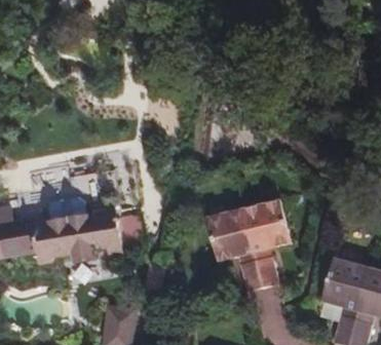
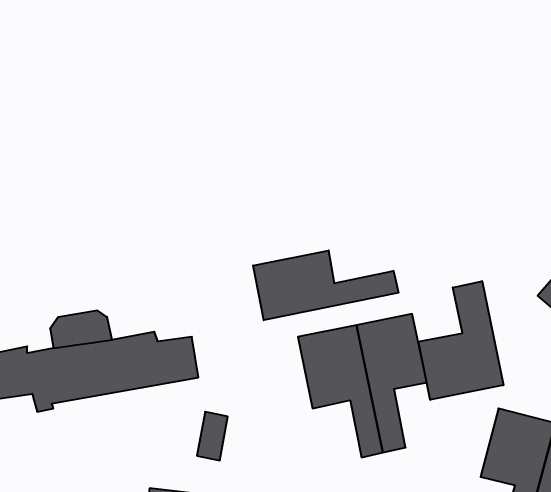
building: none -> [253,250,398,320]
building: none -> [419,281,503,400]

